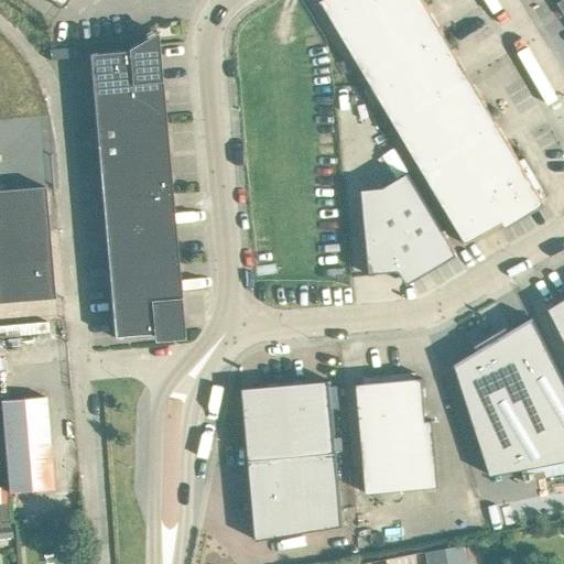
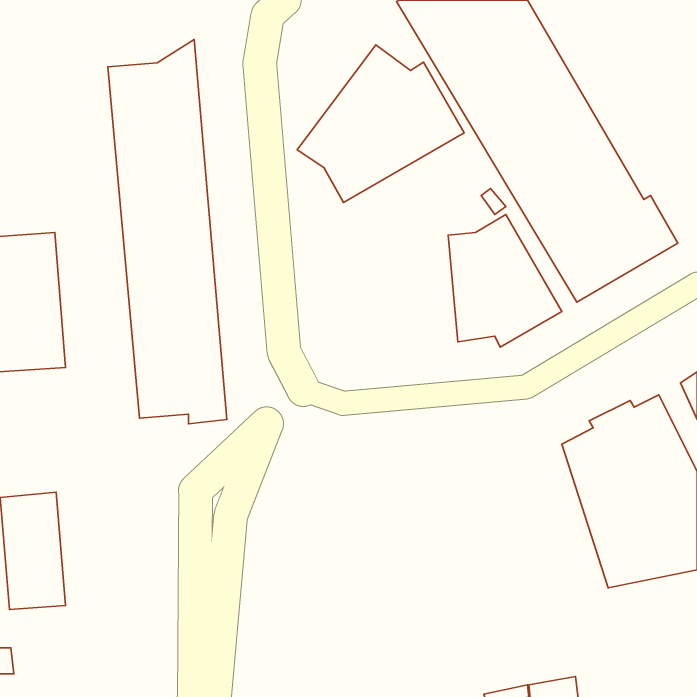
building: none -> [297,45,464,202]
building: [355,373,438,495] -> none
building: [241,381,343,542] -> none

